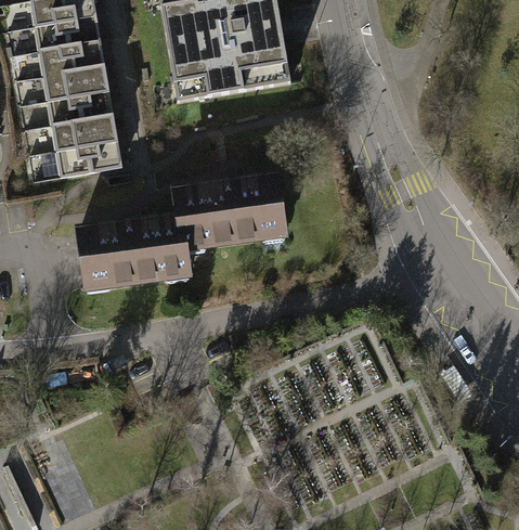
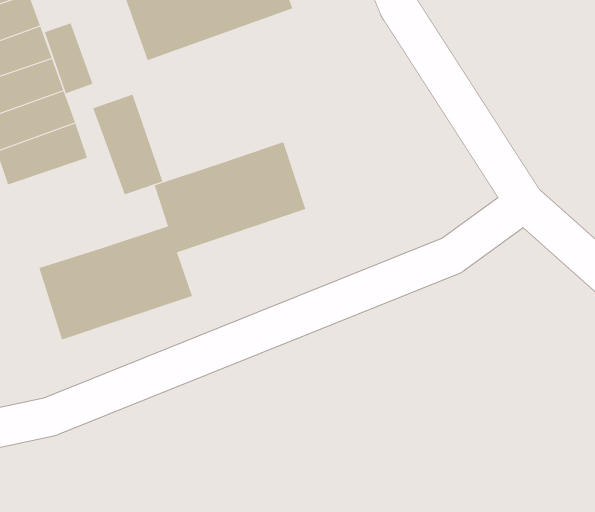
building: none -> [44,23,93,94]
building: none -> [92,94,163,195]

